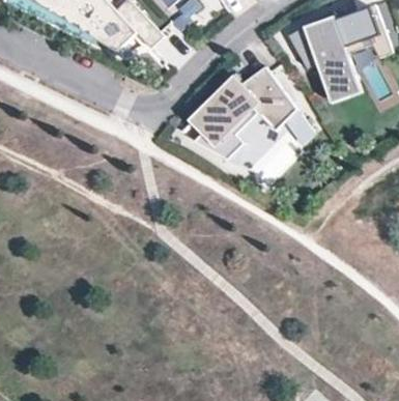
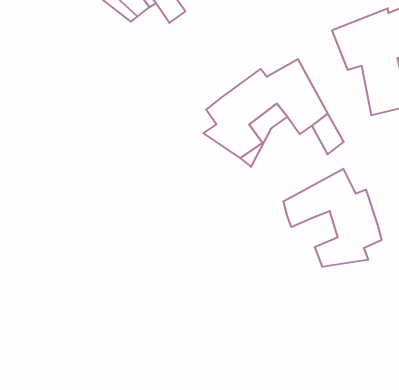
building: none -> [283,169,382,267]

